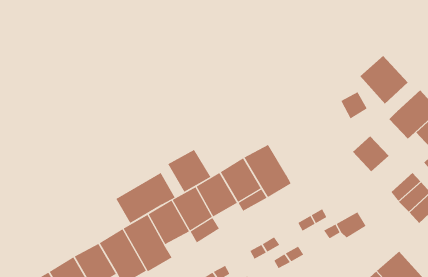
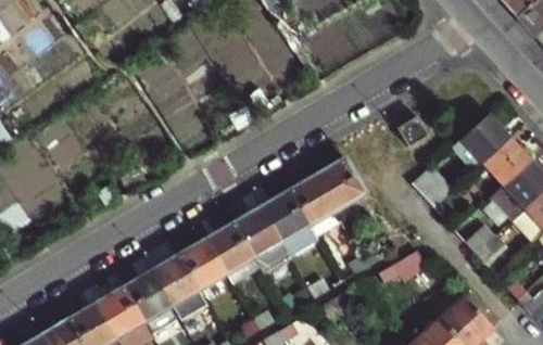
building: [359,55,409,105] -> none
building: none -> [317,157,366,209]
building: [168,149,211,193] -> none
building: [115,172,176,224] -> none

